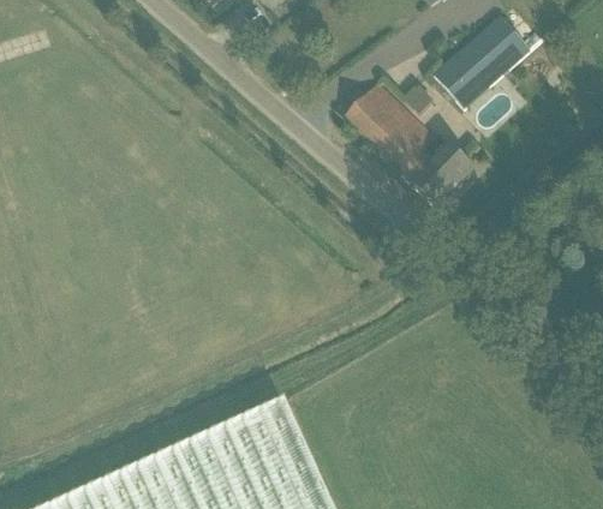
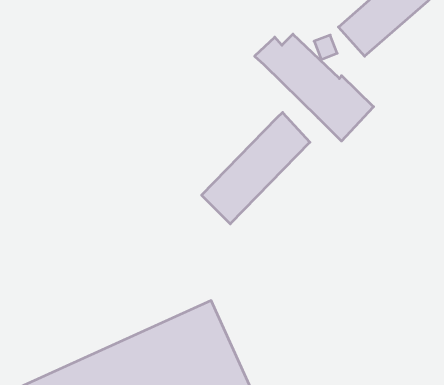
building: none -> [202,112,310,224]

